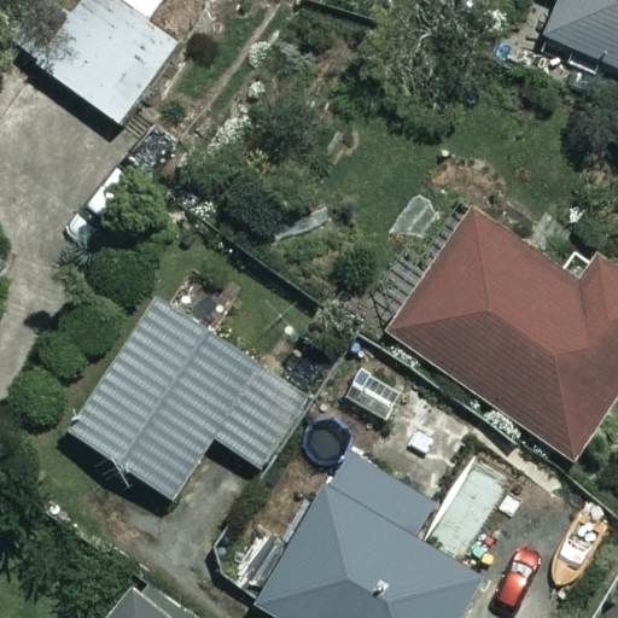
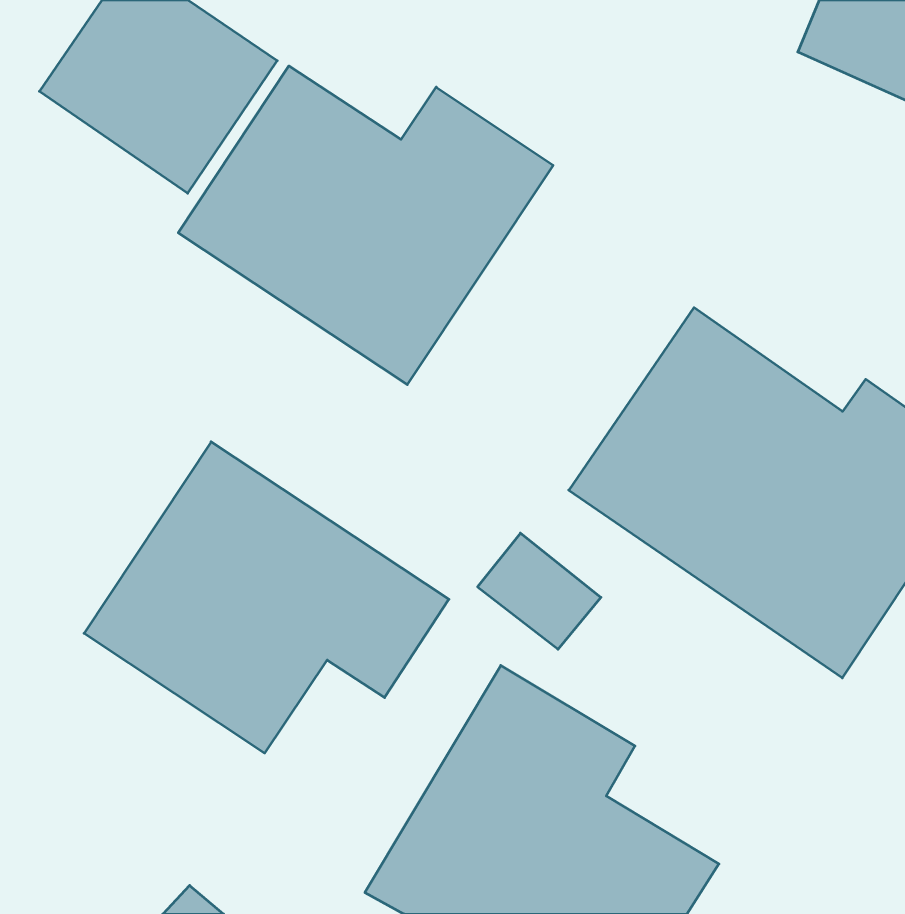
building: none -> [178,66,553,385]

